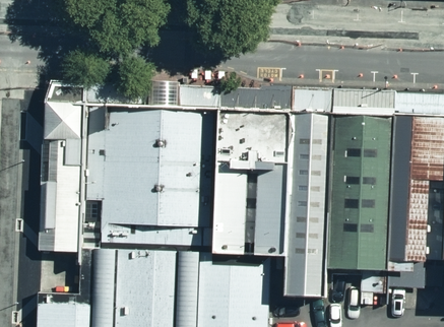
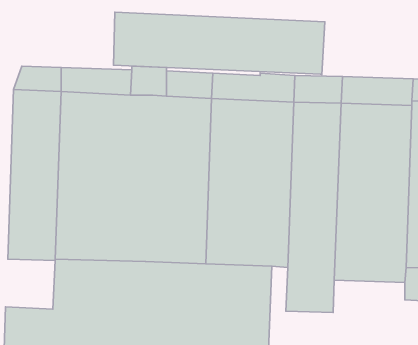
building: none -> [113,12,325,74]

